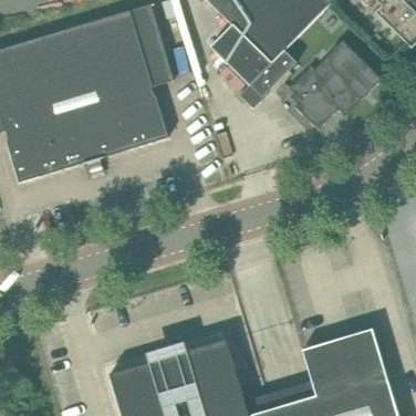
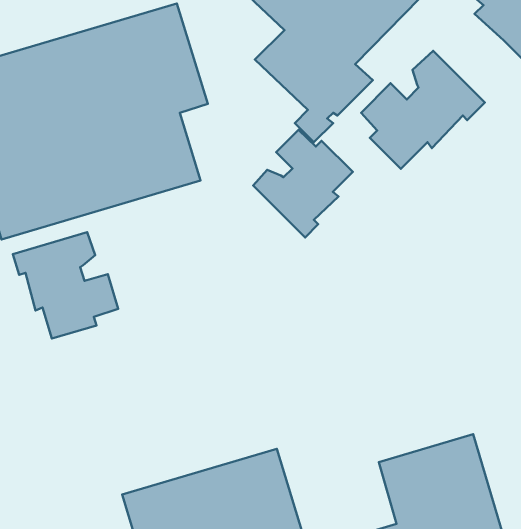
building: none -> [253,130,353,237]
building: none -> [13,232,118,339]

